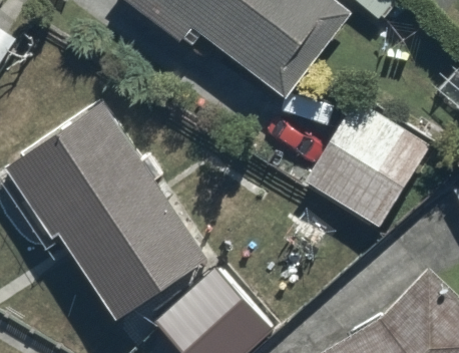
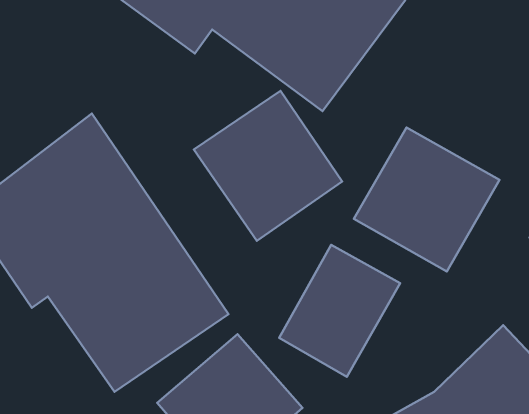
building: none -> [194,91,342,241]
building: none -> [279,245,400,377]

